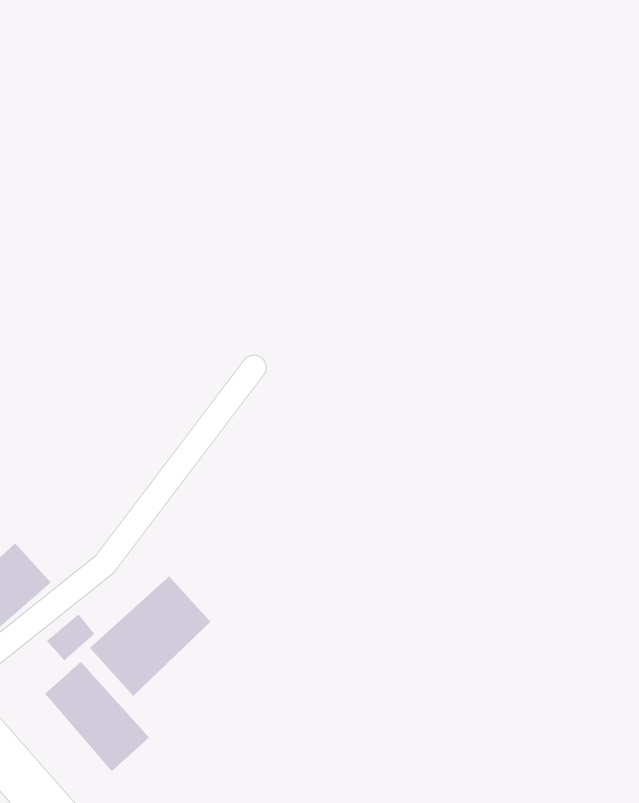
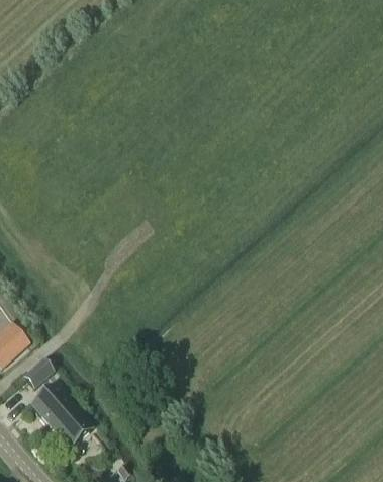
building: [89,575,211,697] -> none

